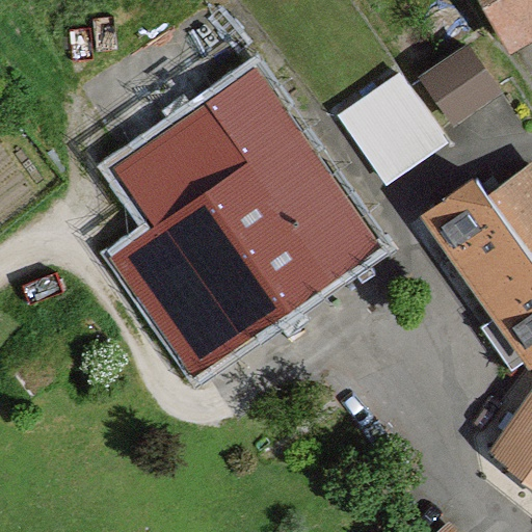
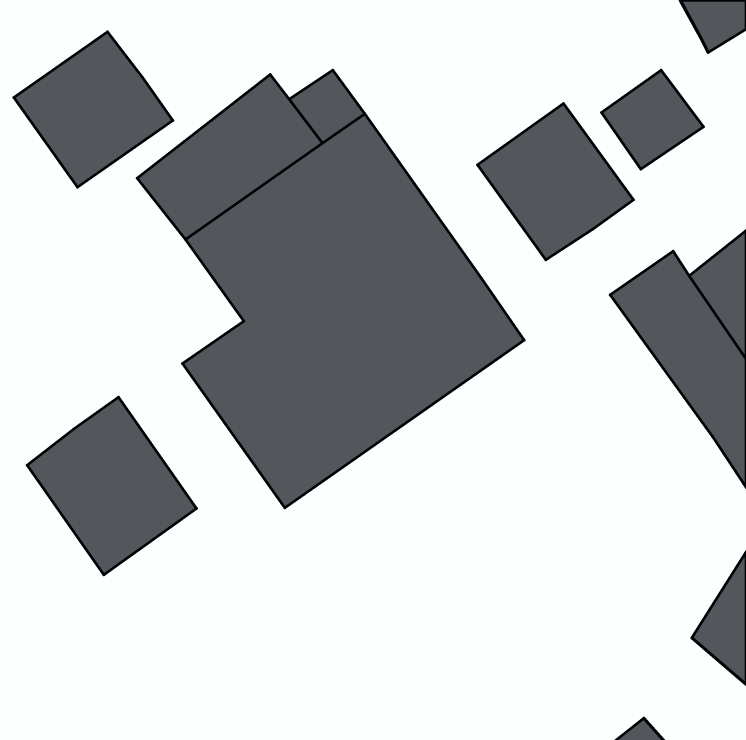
building: none -> [14,32,173,187]
building: none -> [27,397,197,575]

